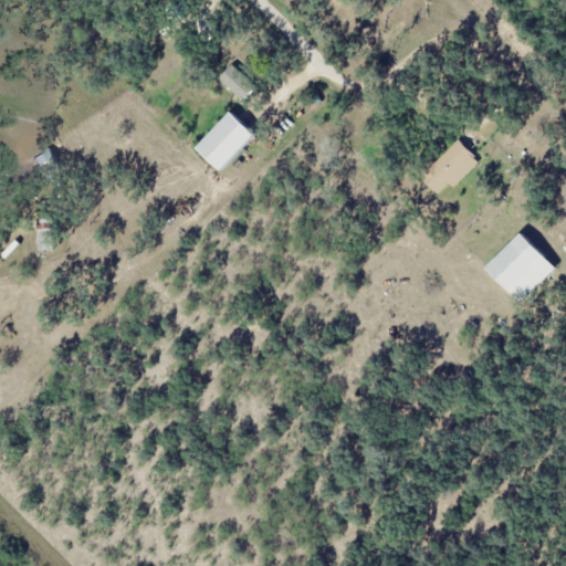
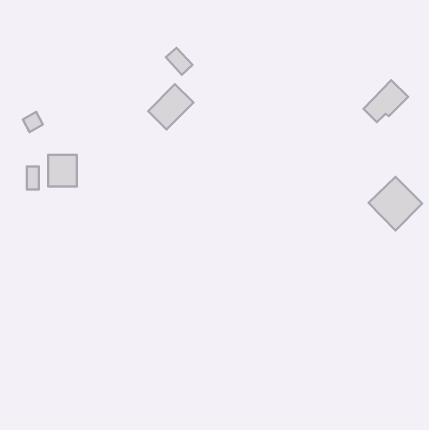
building: [419,138,478,193] -> [363,80,408,122]
building: none -> [48,155,77,186]

